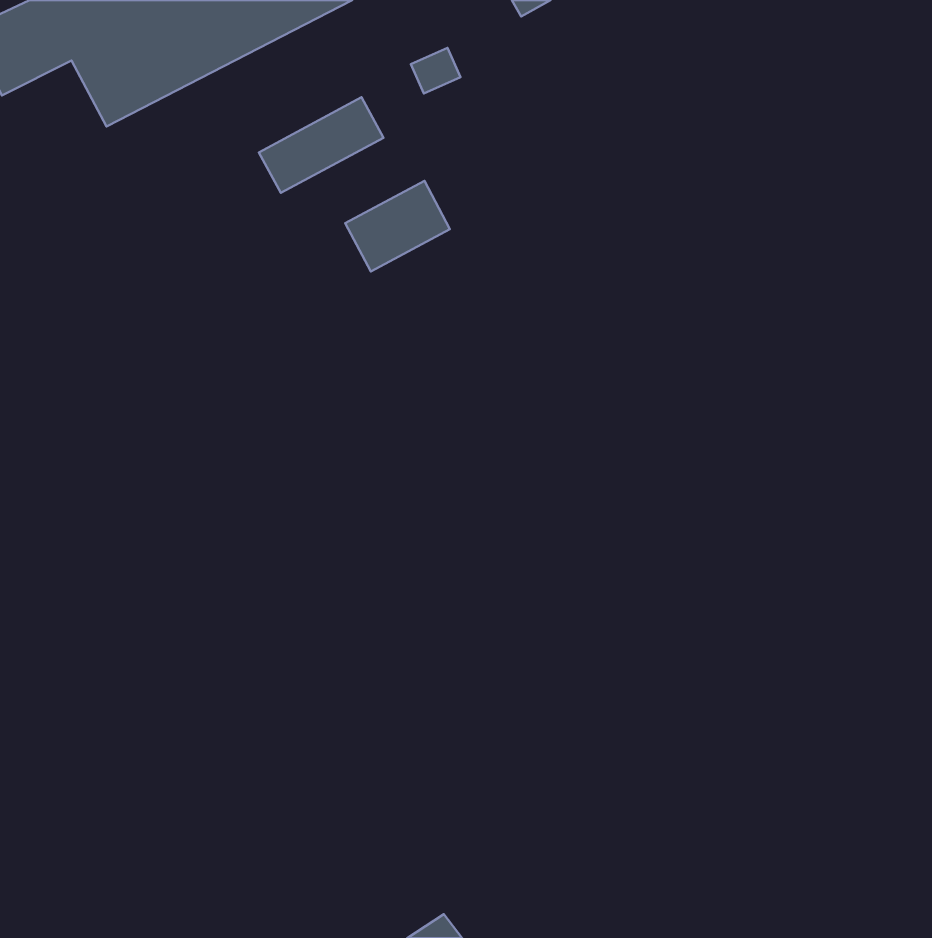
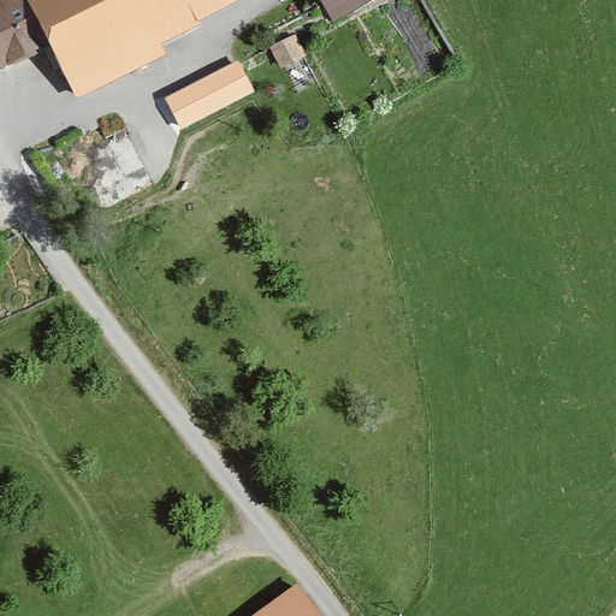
building: [345,181,450,271] -> none

